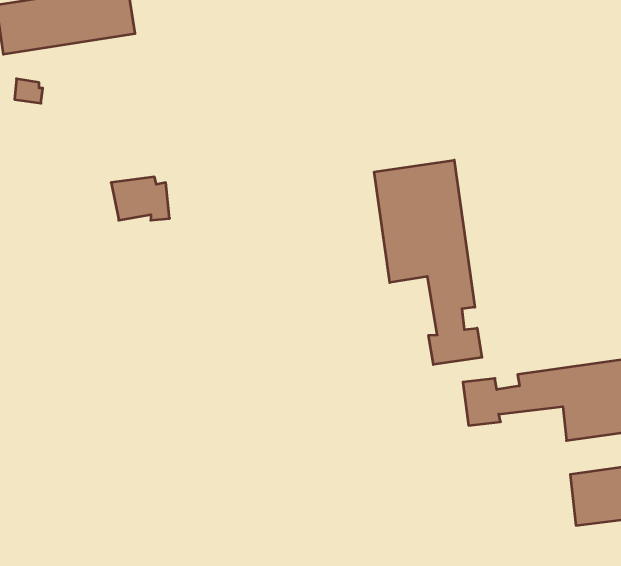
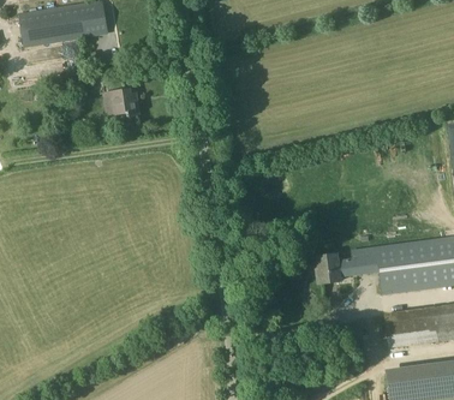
building: [374,160,482,365] -> none
building: [111,177,170,220] -> [101,88,138,115]

